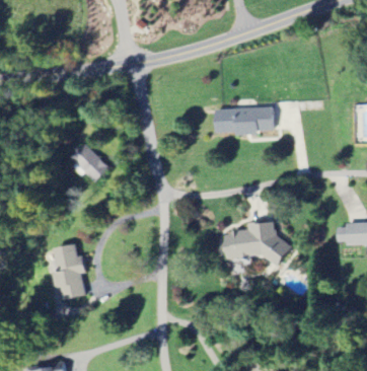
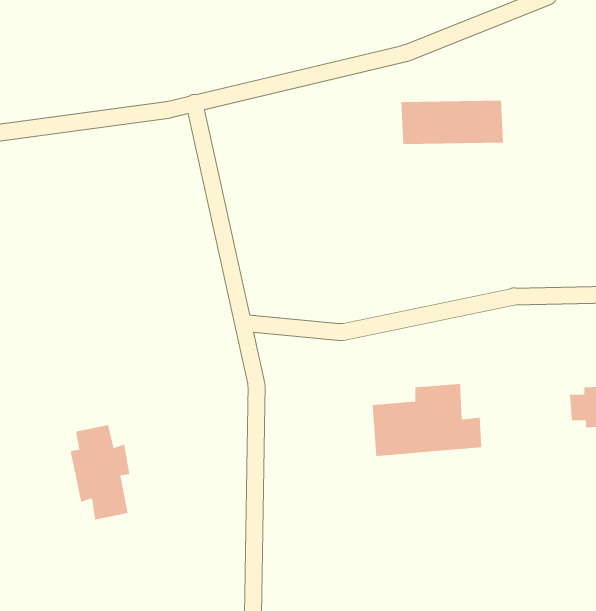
building: [215,106,274,132] -> [401,100,504,144]
building: [67,144,108,182] -> none

